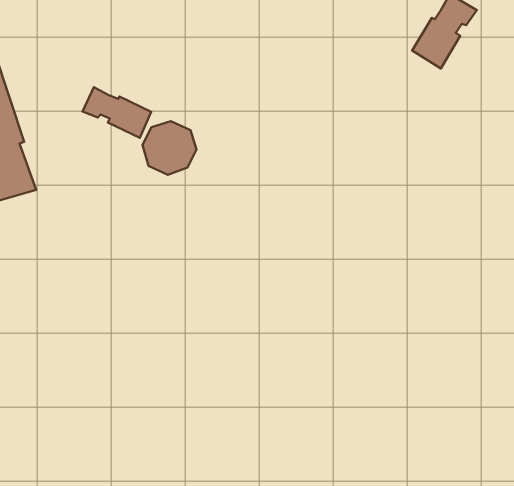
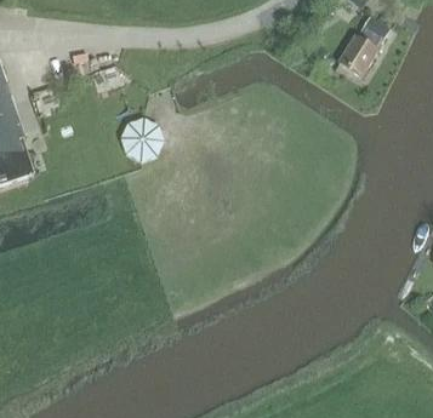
building: [82,87,151,138] -> none

